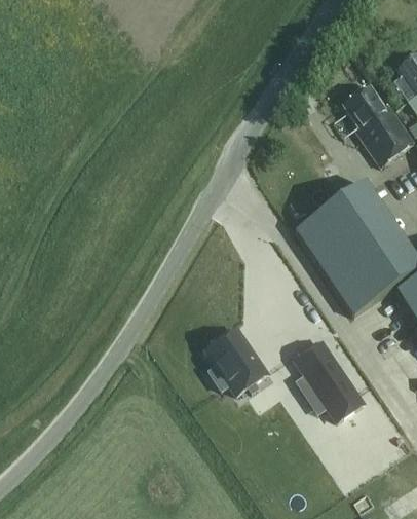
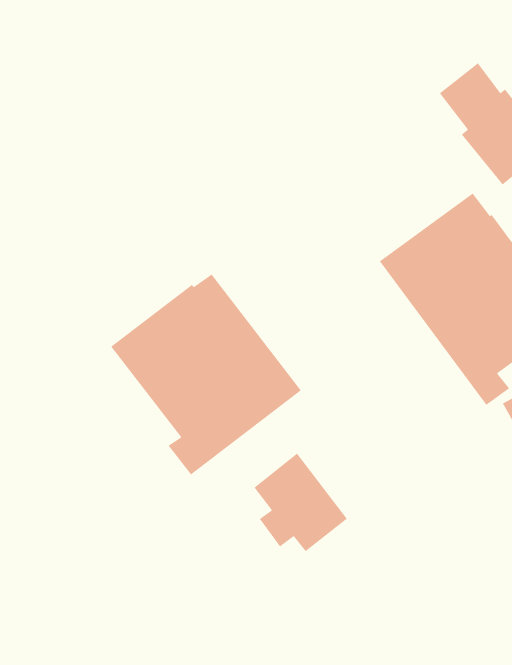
building: none -> [110,273,302,475]
building: [295,343,362,422] -> none

